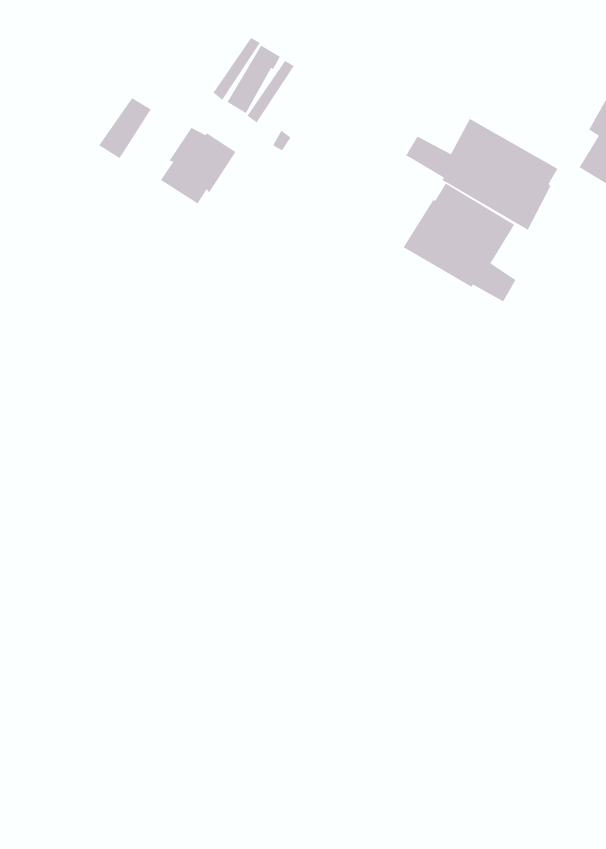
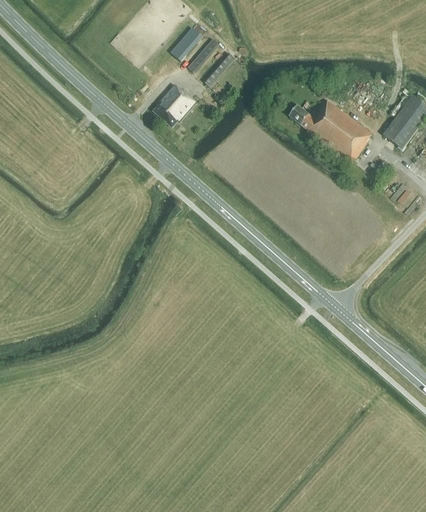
building: [98,97,152,159] -> [169,27,201,60]
building: [402,182,517,303] -> none

